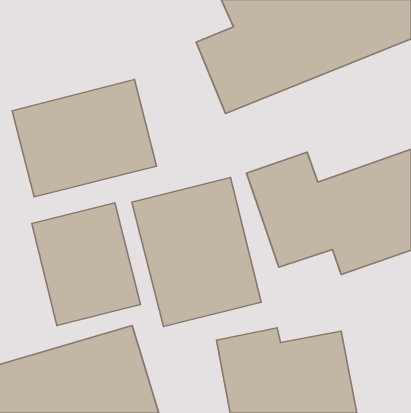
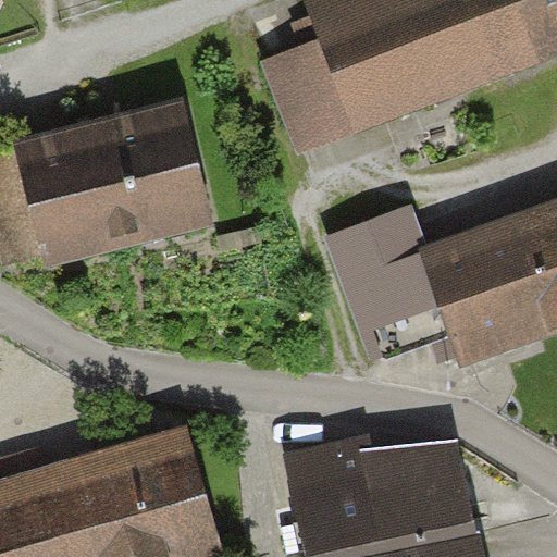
building: [132,177,261,326] -> none
building: [32,203,140,326] -> none

